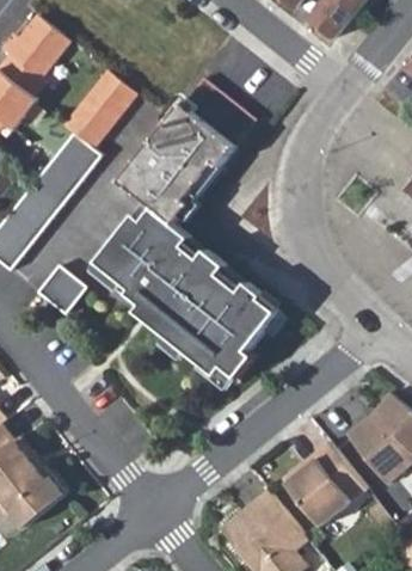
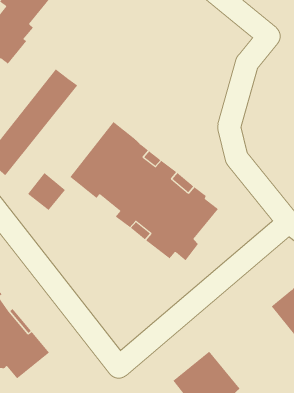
building: [63,72,134,148] -> none
building: [121,79,256,225] -> none
building: [282,443,367,527] -> none

